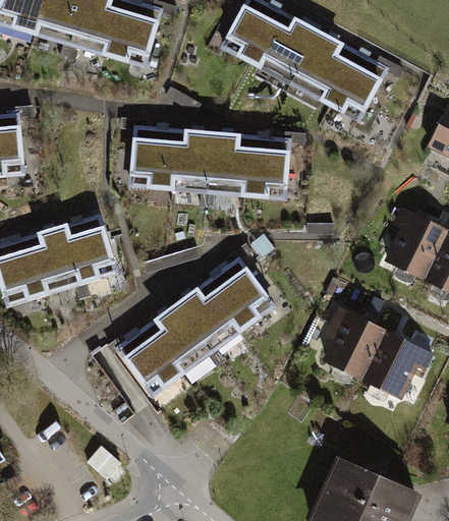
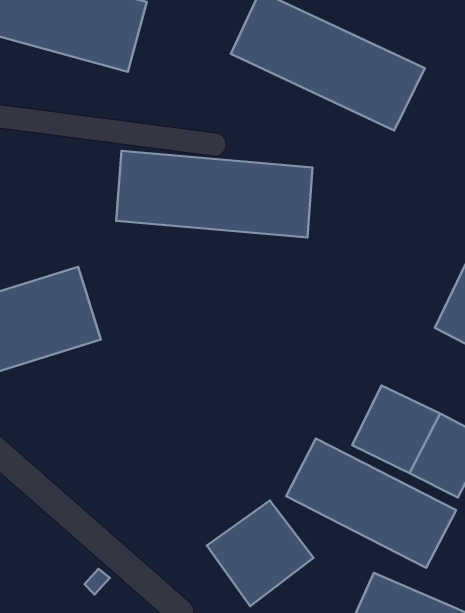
building: [114,251,285,403] -> none
building: none -> [286,439,456,568]
building: none -> [207,500,314,606]

